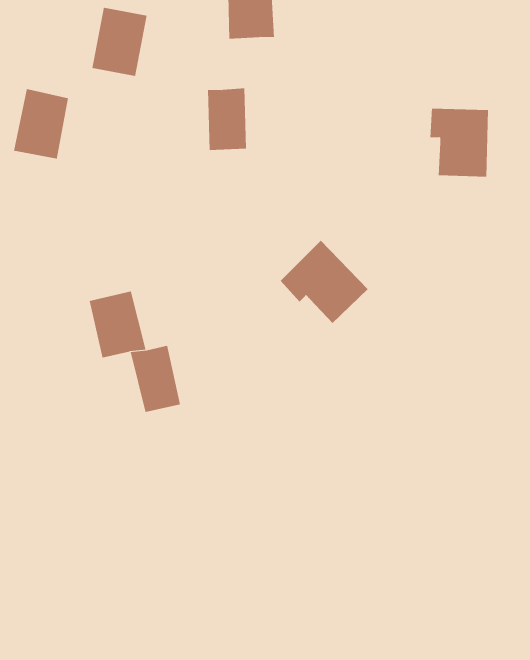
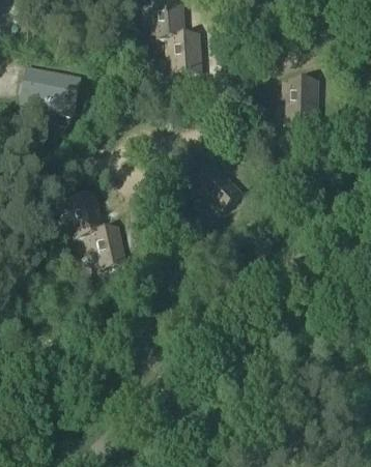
building: [92,7,147,76] -> [48,71,83,115]
building: [207,88,247,150] -> [175,32,200,71]

